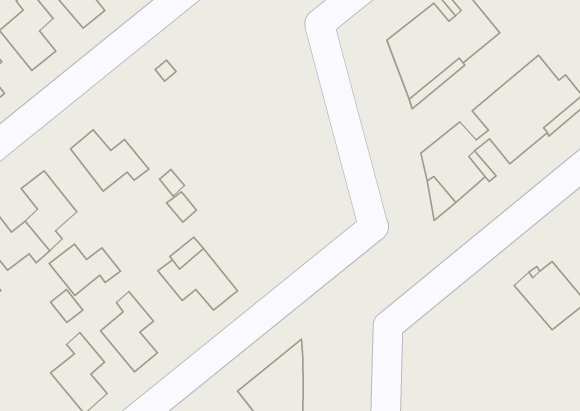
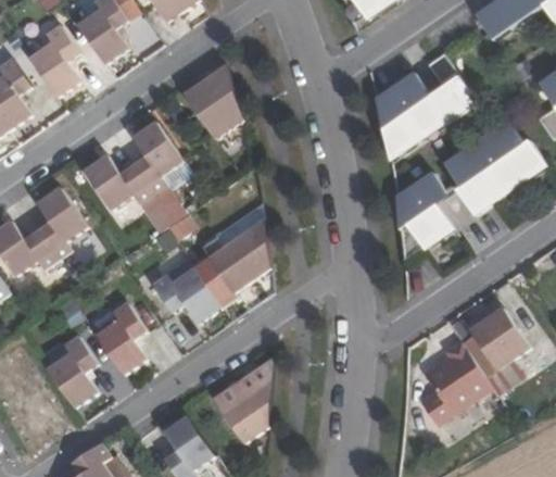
building: none -> [182,61,244,137]
building: none -> [131,121,181,193]
building: none -> [200,217,271,293]
building: [49,244,120,296] -> none
building: none -> [419,341,493,425]

